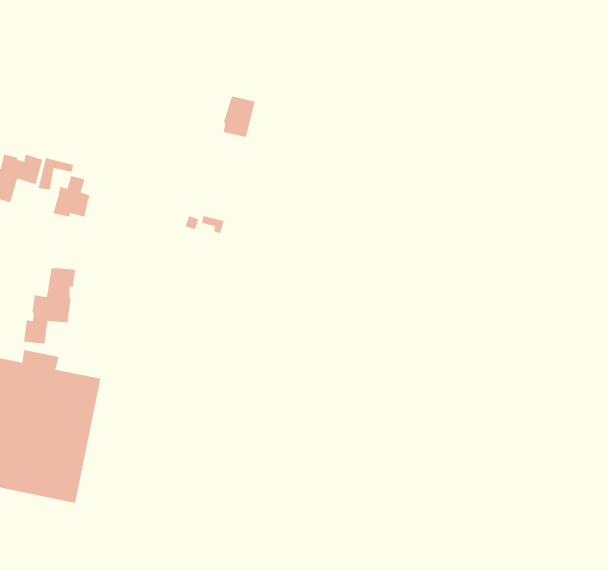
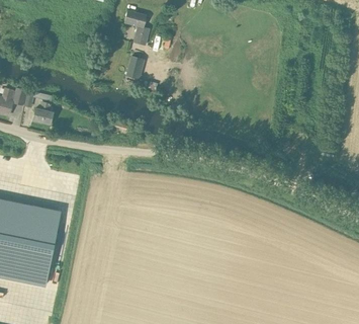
building: none -> [123,10,149,45]
building: [24,267,76,344] -> none

